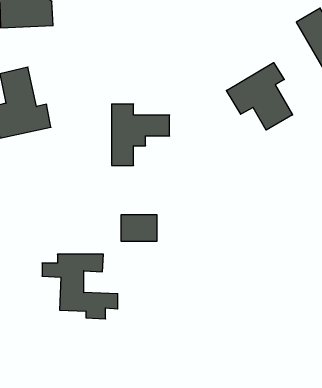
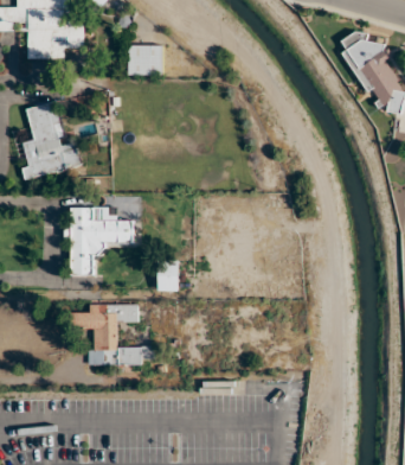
building: none -> [127,45,162,74]
building: [226,63,293,130] -> none
building: [112,104,170,165] -> [69,208,131,274]

